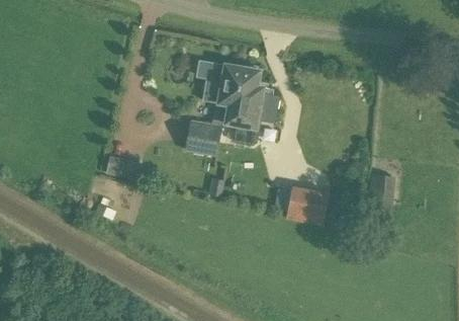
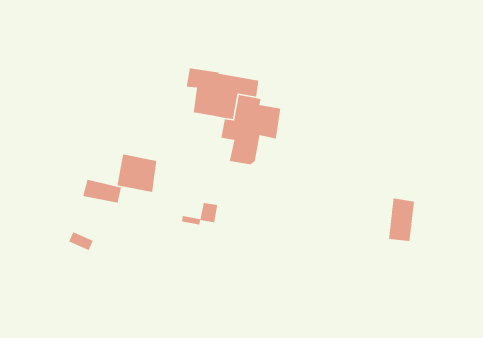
building: [185,122,220,156] -> [117,153,157,193]
building: [285,186,328,227] -> none

